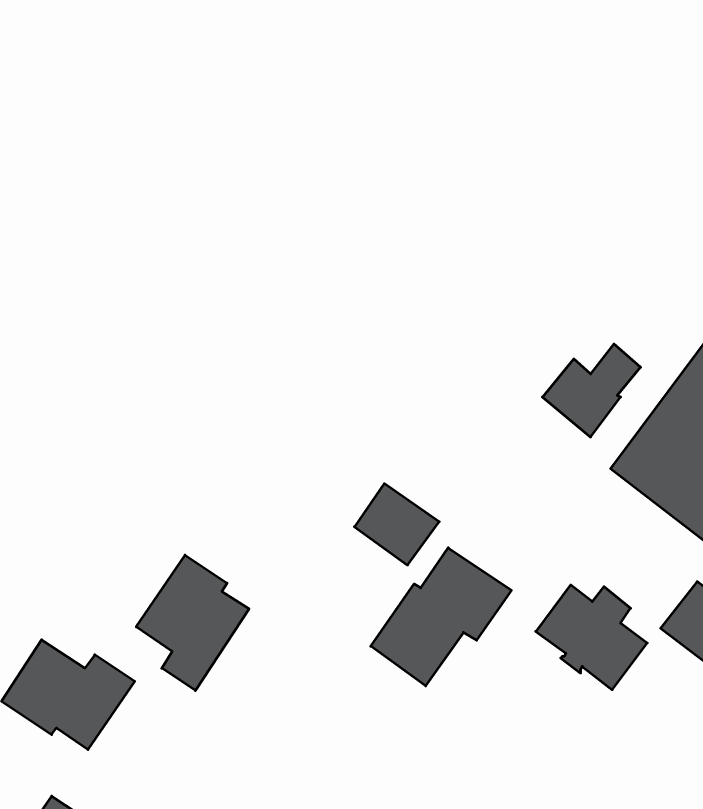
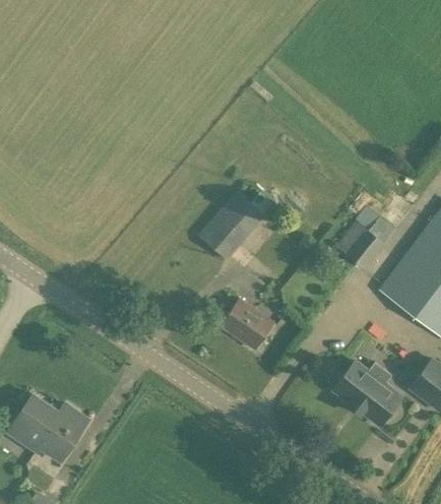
building: none -> [198,191,266,259]
building: [371,548,511,686] -> none
building: [136,555,249,691] -> none

